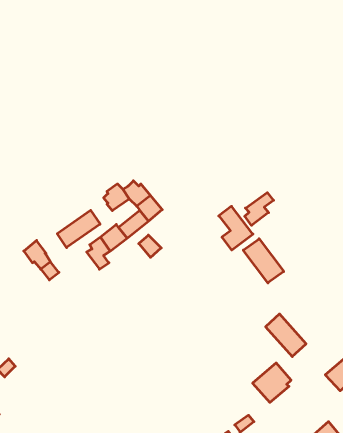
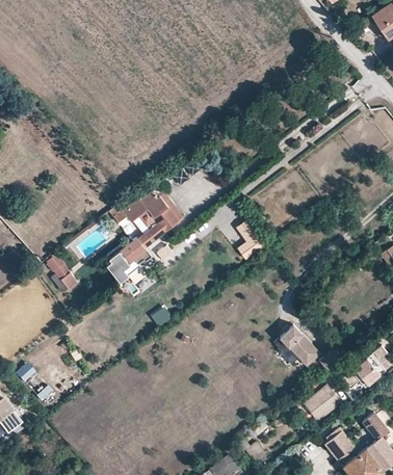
building: [245,193,274,225] -> none
building: [57,210,100,248] -> none
building: [243,239,284,283] -> none
building: [253,363,291,402] -> [303,385,340,423]

